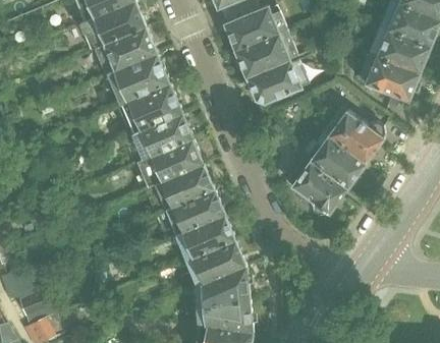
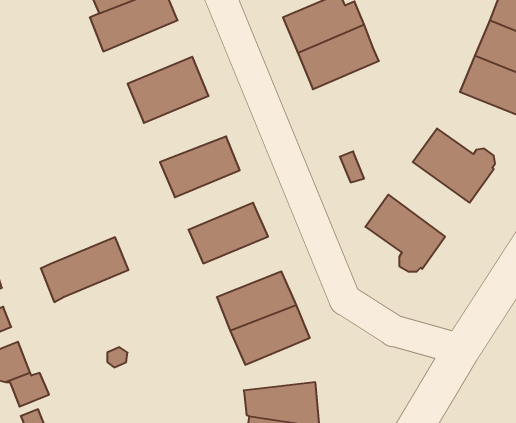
building: [90,25,157,74] -> none
building: [248,56,309,101] -> none
building: [120,82,182,132] -> none
building: [302,132,366,188] -> none
building: [136,138,203,187] -> [41,237,129,302]
building: [165,188,224,234] -> none
building: [195,265,250,304] -> none

